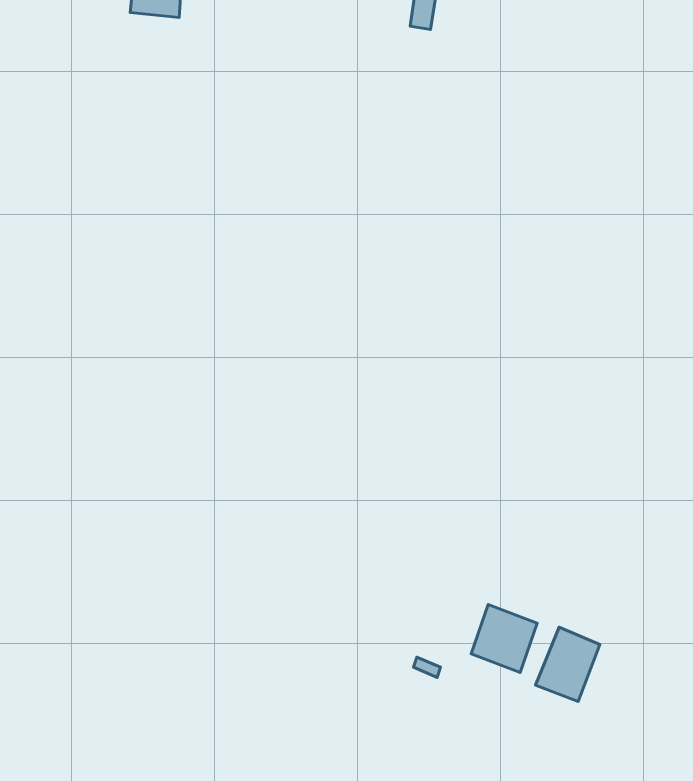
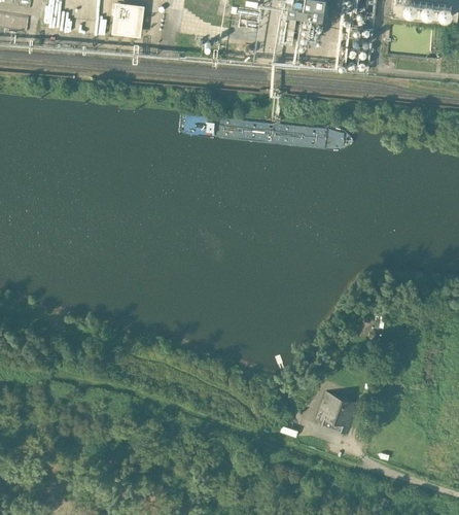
building: [535,627,600,702] -> none

